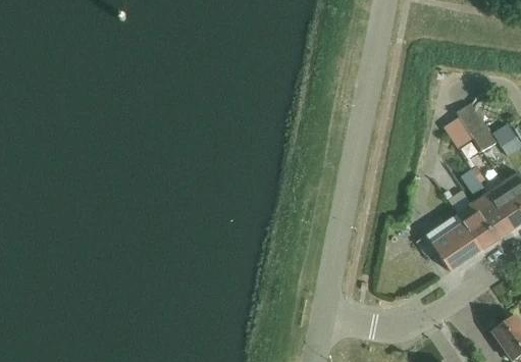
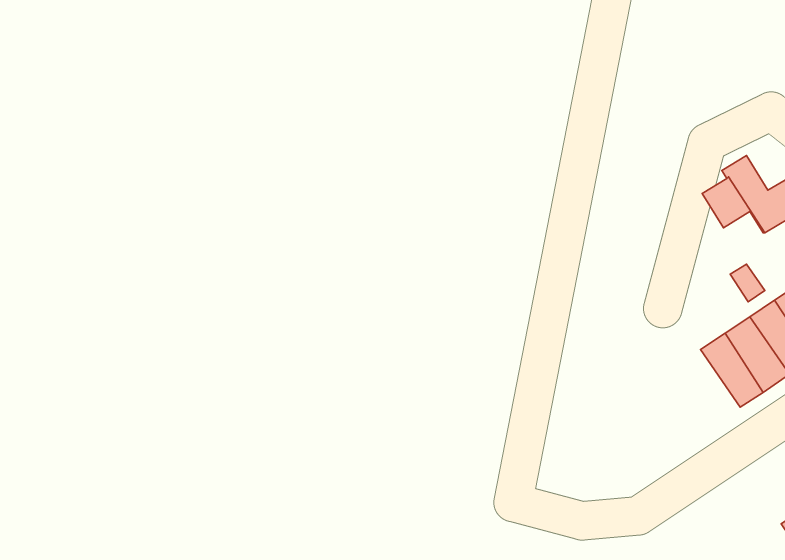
building: [427,223,467,269] -> none

